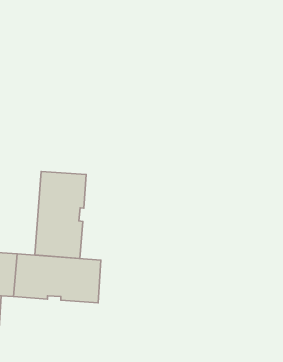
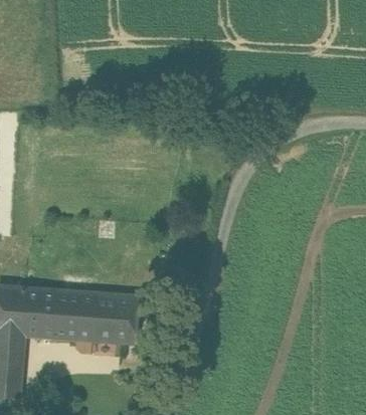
building: [35,172,86,259] -> none

